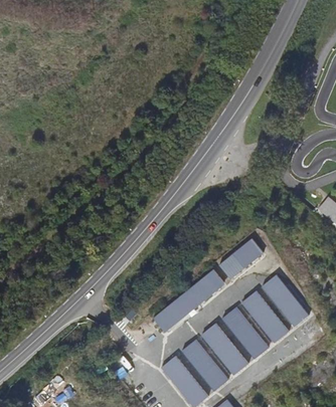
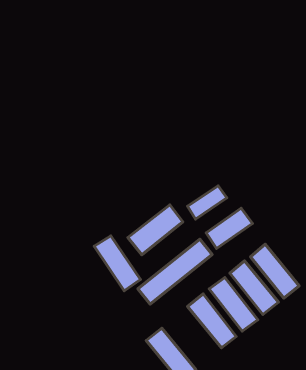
building: none -> [187,186,227,219]
building: none -> [128,205,183,255]
building: [182,339,227,392] -> [94,236,141,291]

